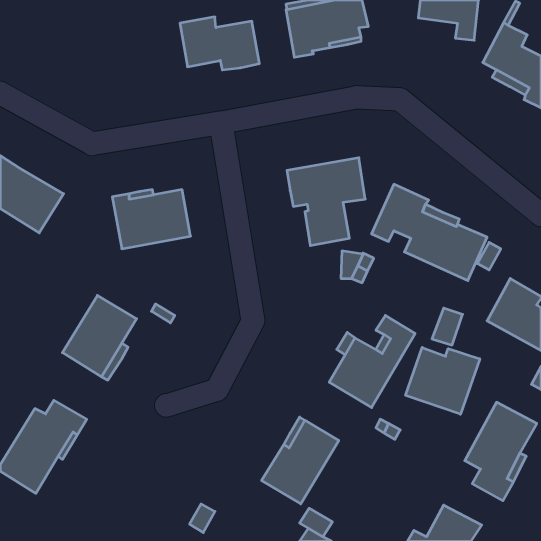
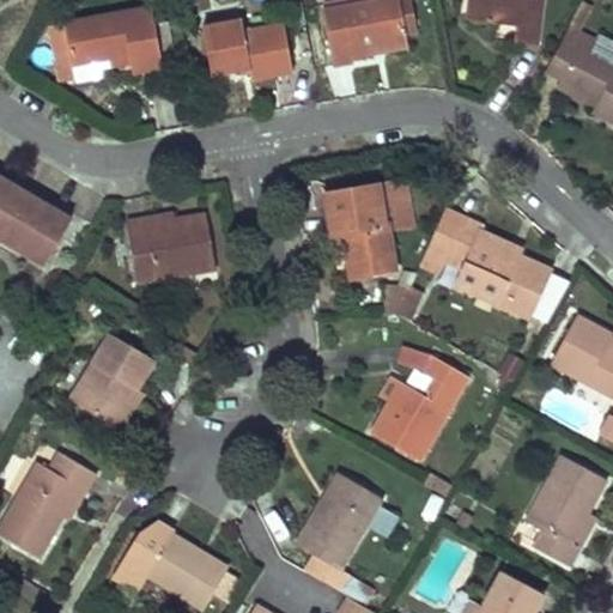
building: none -> [50,7,163,84]
building: [406,347,480,414] -> none
building: none -> [115,521,226,607]

